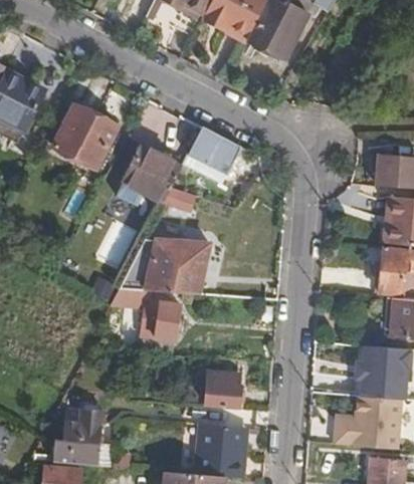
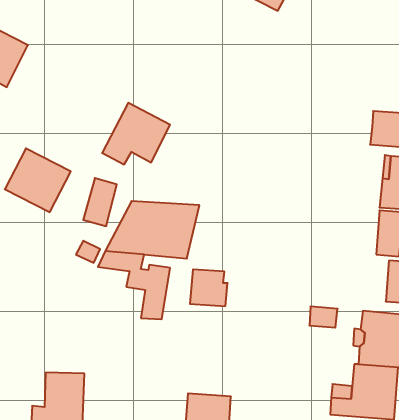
building: [54,106,118,168] -> [5,148,71,212]
building: [188,127,242,175] -> none
building: [206,372,242,407] -> [190,269,228,306]

